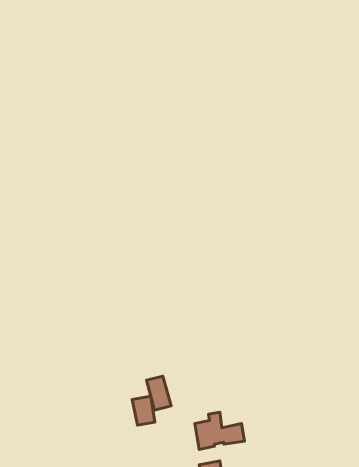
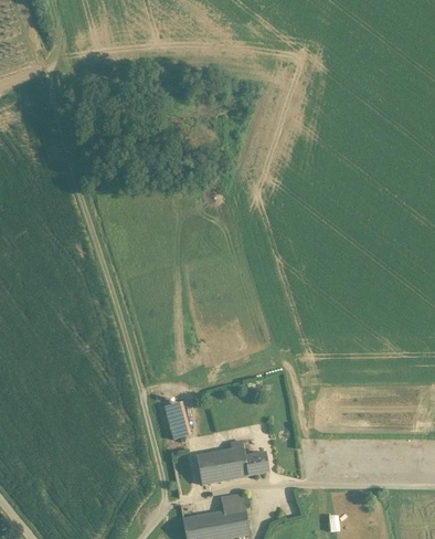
building: [132,396,155,425] -> [195,453,220,484]

